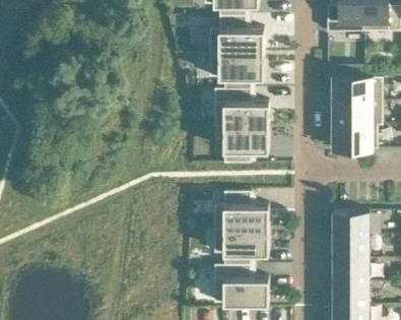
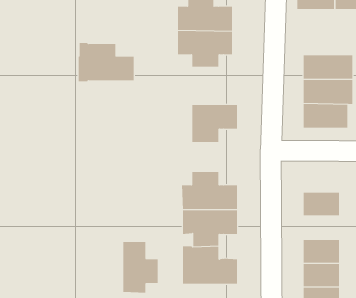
building: [212,88,268,127] -> [78,43,135,82]
building: [332,236,369,259] -> none
building: none -> [123,241,158,293]

